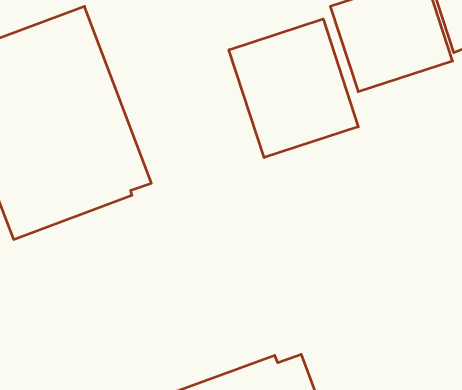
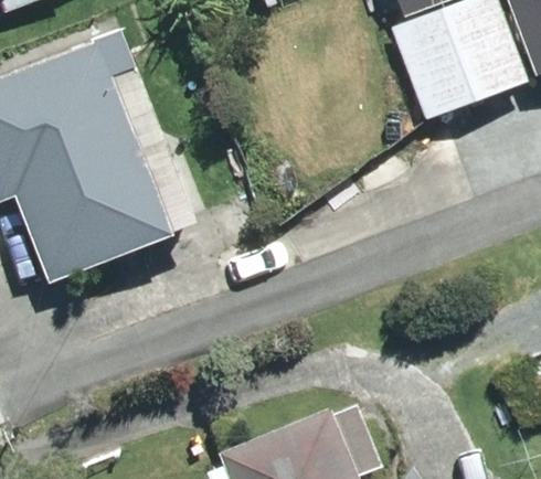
building: [229,19,358,158] -> none

